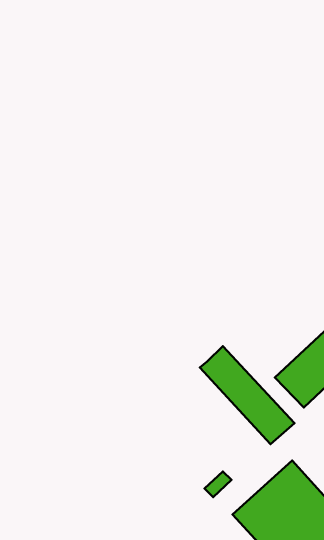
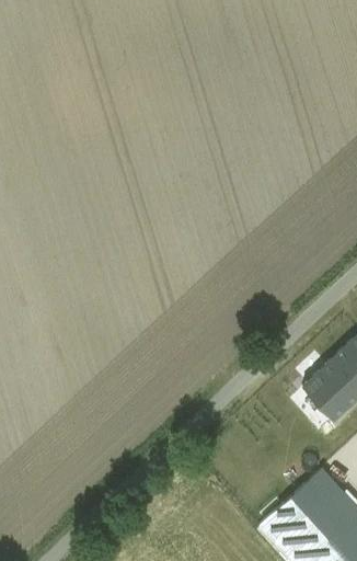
building: [200,346,295,444] -> none

